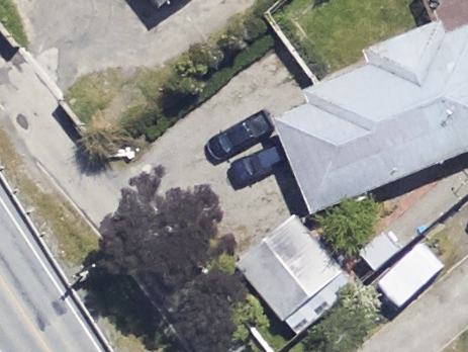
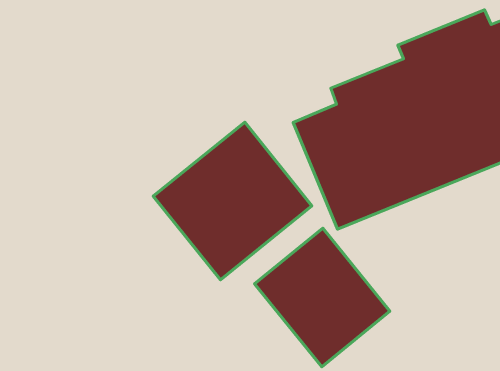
building: none -> [153,122,312,280]

